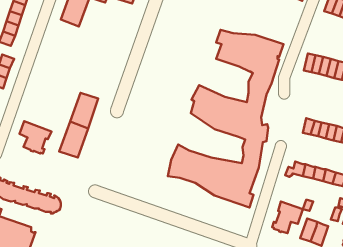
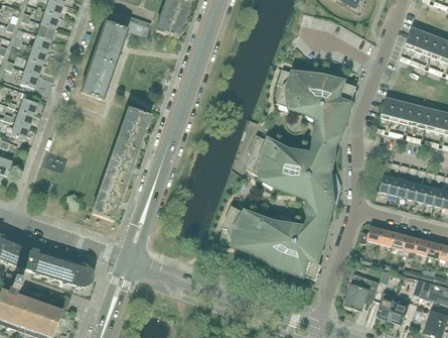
building: none -> [81,57,114,99]
building: none -> [116,108,150,150]
building: [20,121,51,153] -> none

